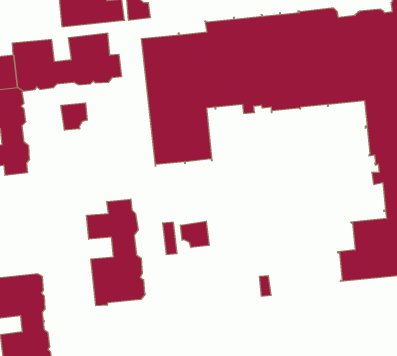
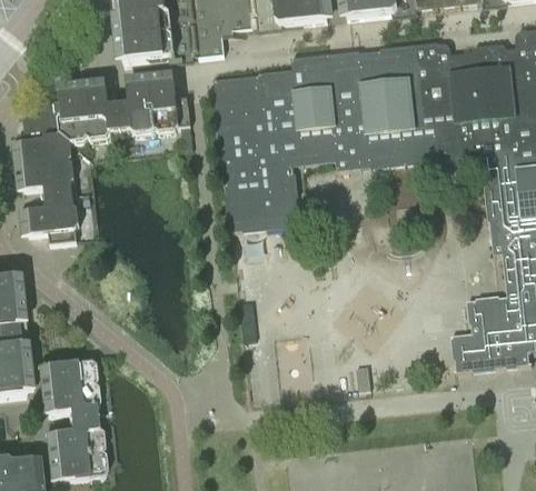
building: [61,103,87,130] -> none
building: [87,199,146,306] -> none
building: [180,221,209,248] -> none

